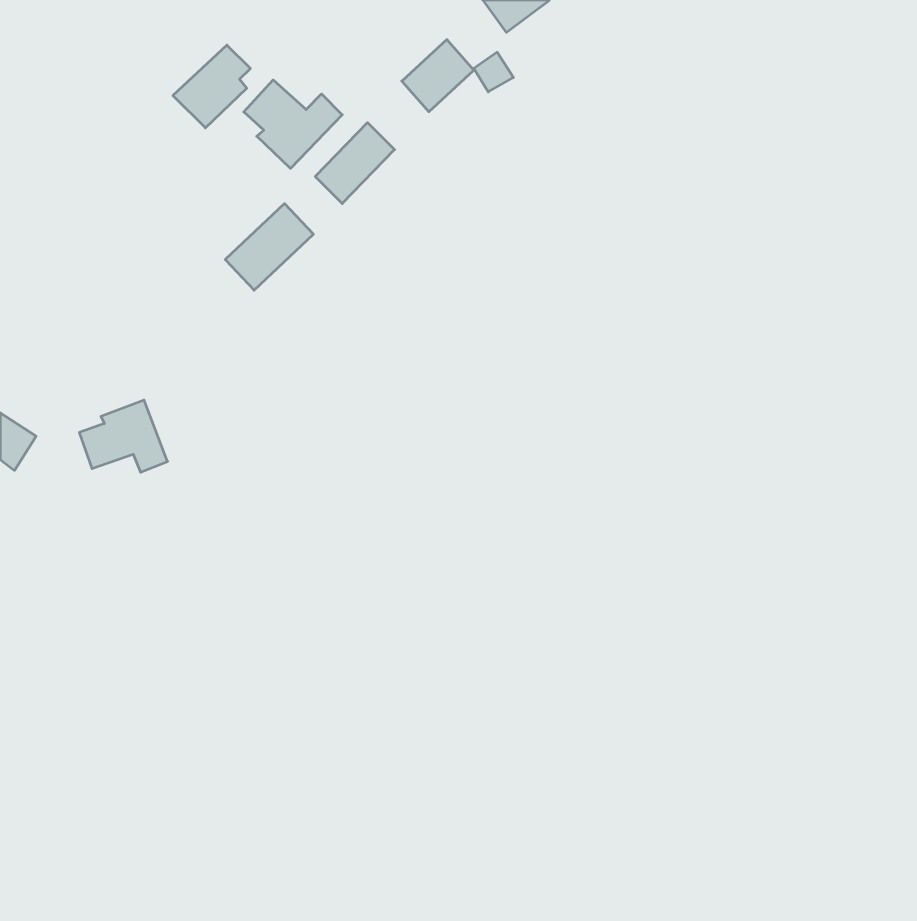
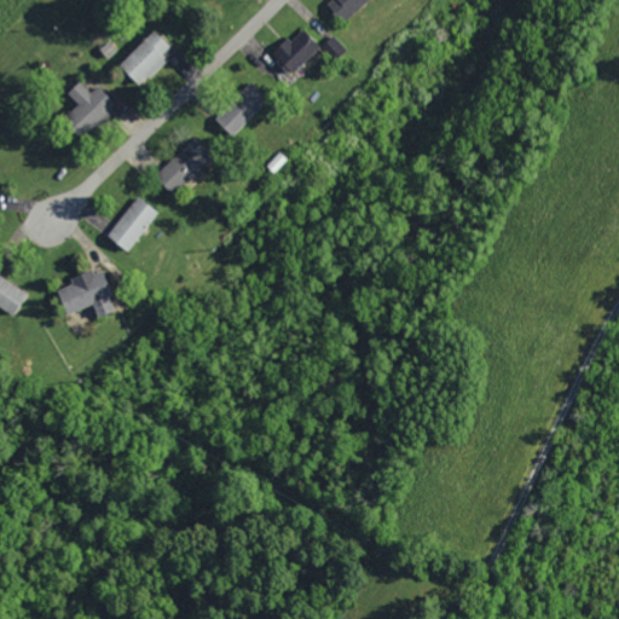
building: [244,80,342,168] -> none
building: none -> [65,80,117,137]
building: none -> [106,196,157,251]

